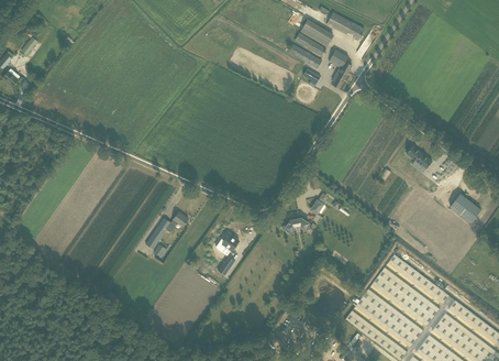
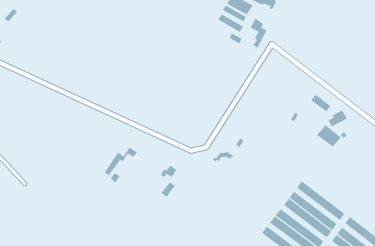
building: [448,193,480,221] -> [316,125,342,147]

